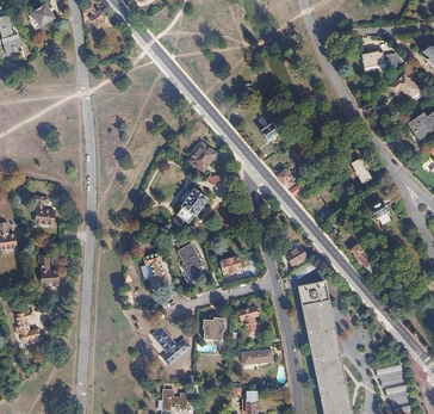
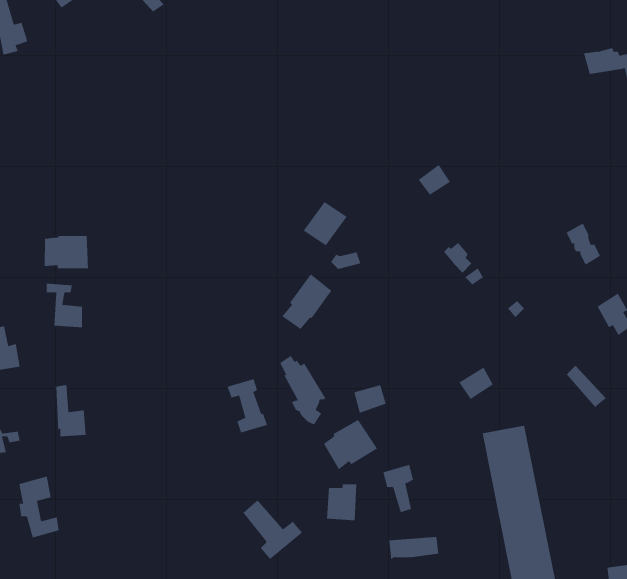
building: none -> [44,235,88,269]
building: none -> [323,419,378,470]

